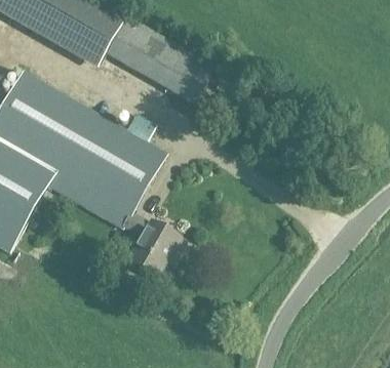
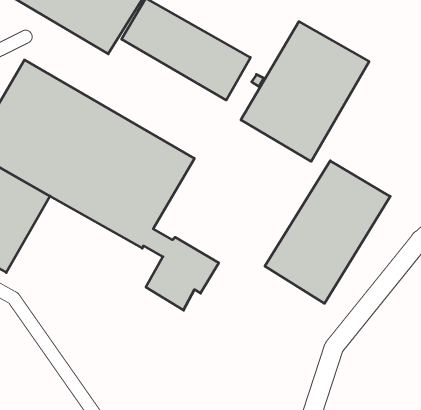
building: none -> [241,22,369,161]
building: none -> [265,161,390,303]

